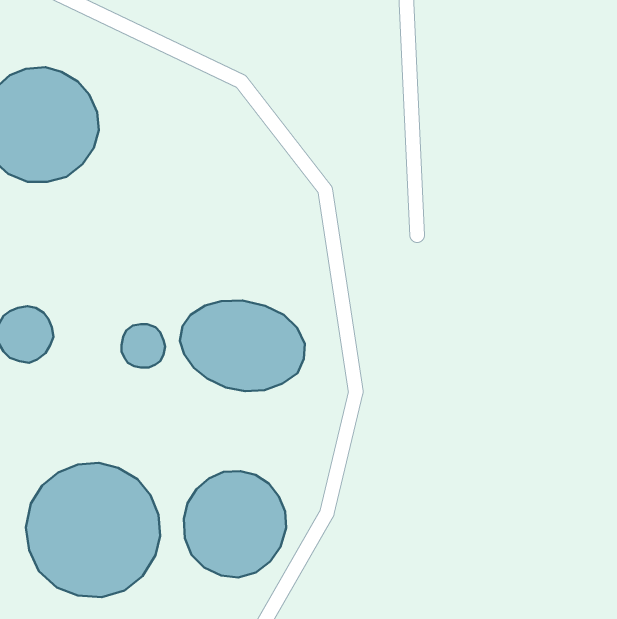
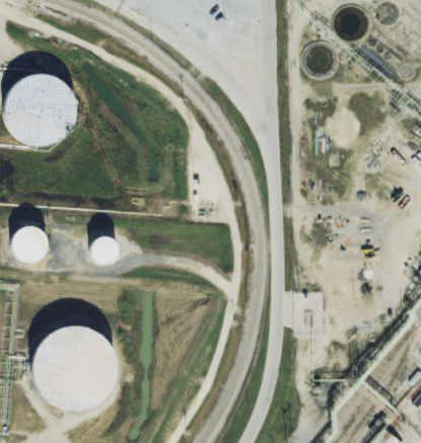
building: [180,300,305,391] -> none
building: [184,471,286,577] -> none

